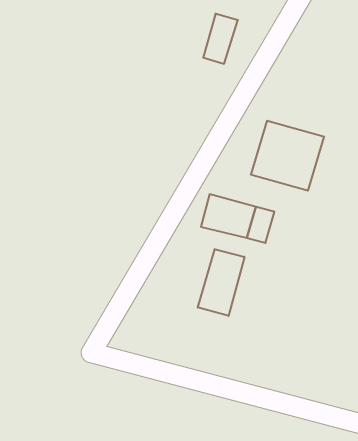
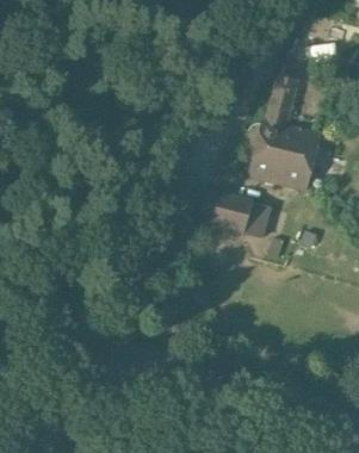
building: [203,14,238,64] -> [264,80,297,128]
building: [198,249,244,316] -> none

